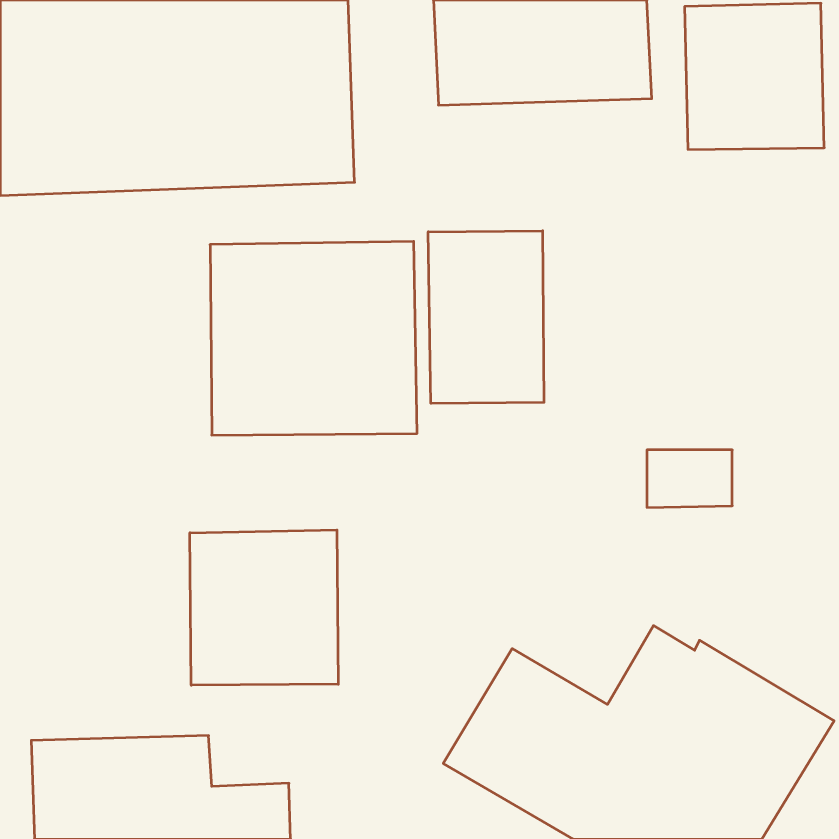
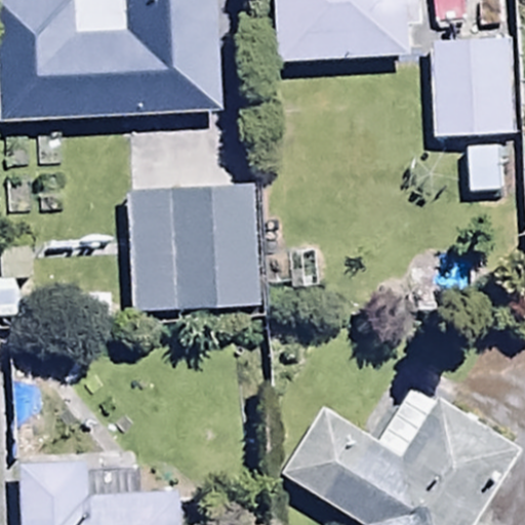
building: [428,231,544,403] -> none
building: [190,530,338,685] -> none

